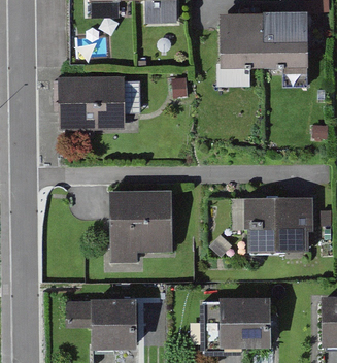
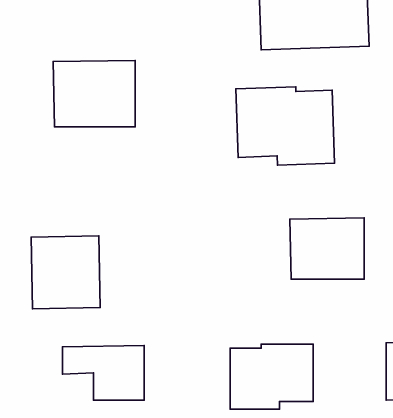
building: none -> [236,87,335,165]
building: [113,195,168,253] -> [31,236,100,309]

